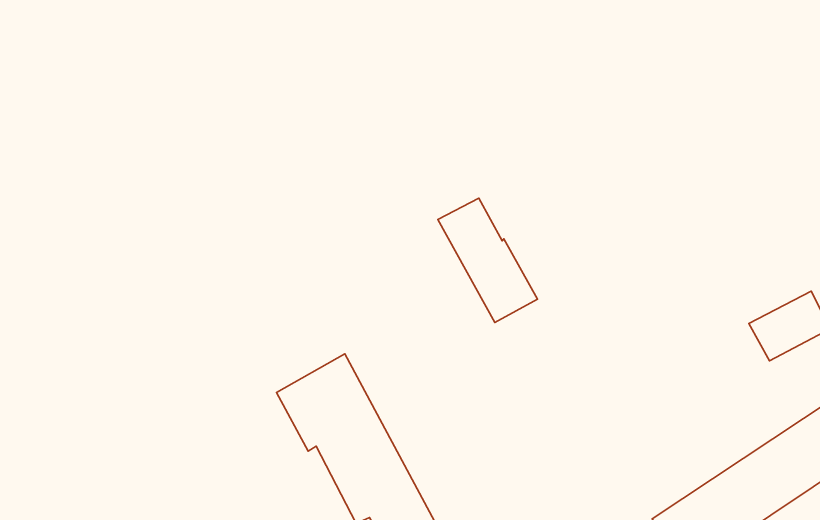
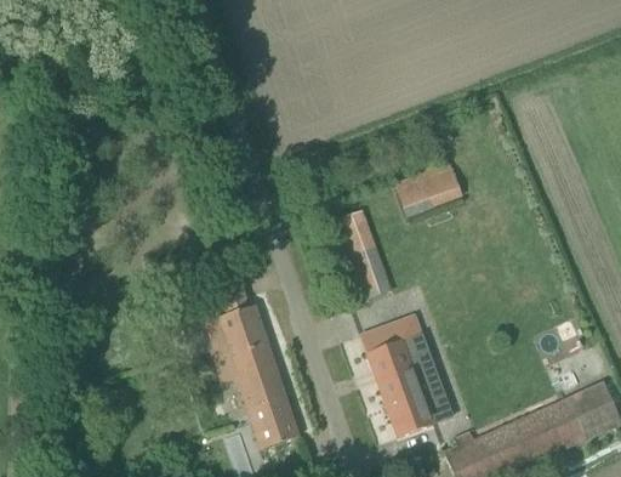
building: none -> [395,167,465,216]
building: none -> [361,316,437,437]

